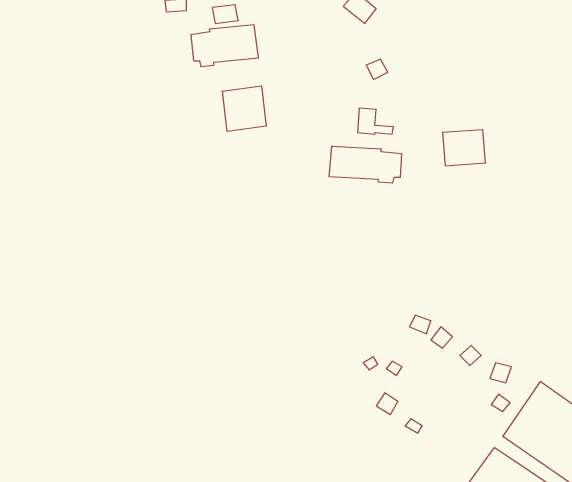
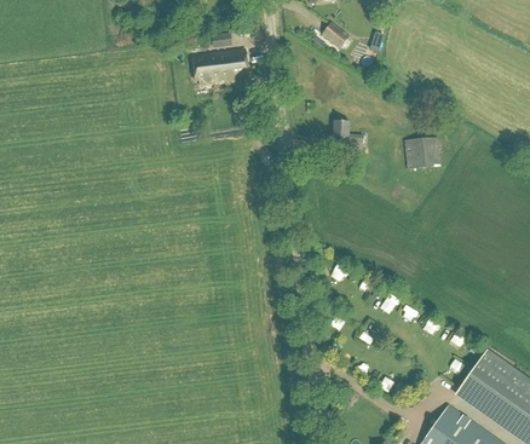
building: [223,86,266,131] -> none
building: [329,146,402,183] -> none

